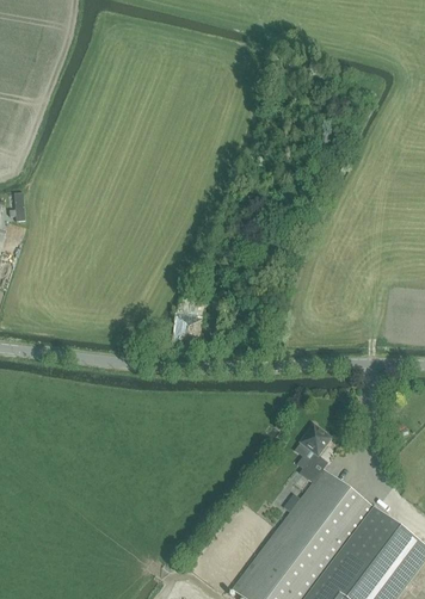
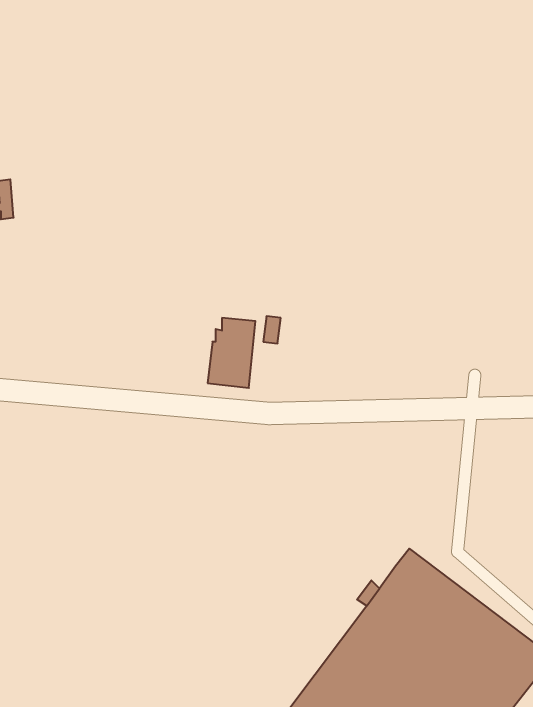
building: [298,426,331,484] -> none

